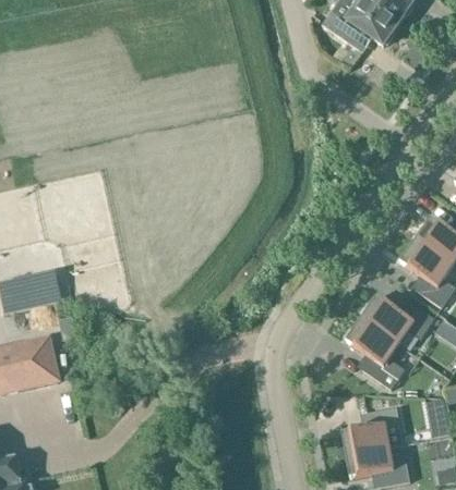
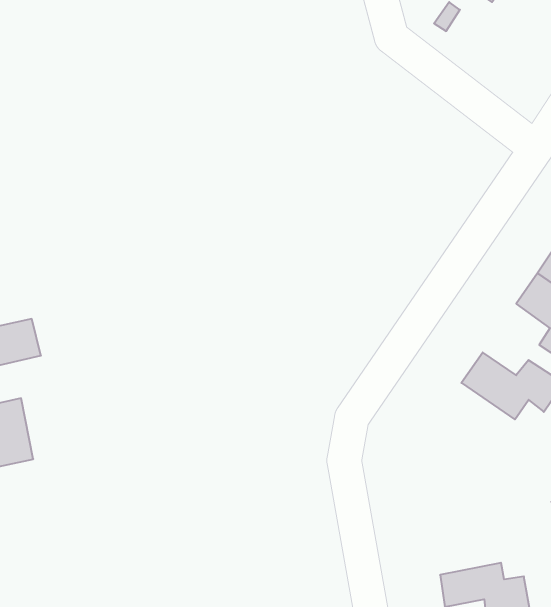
building: [346,319,405,390] -> none
building: [341,408,401,456] -> none

